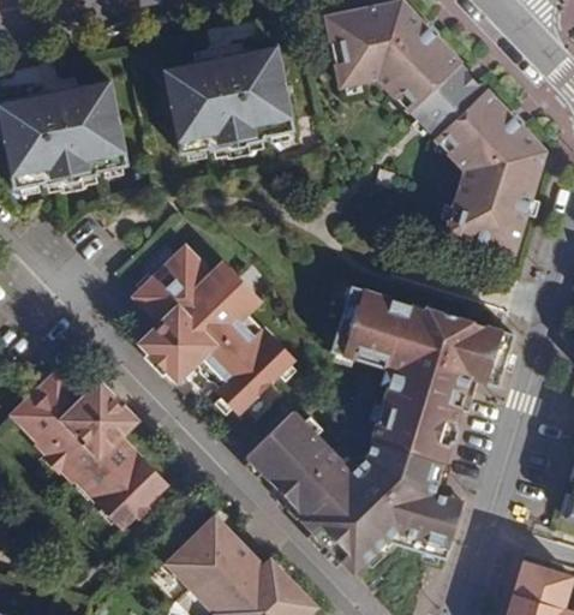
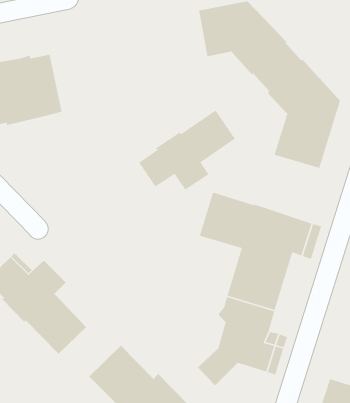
building: [163,46,295,156] -> none
building: none -> [138,110,236,190]
building: [138,249,295,414] -> none
building: [246,411,369,545] -> none

